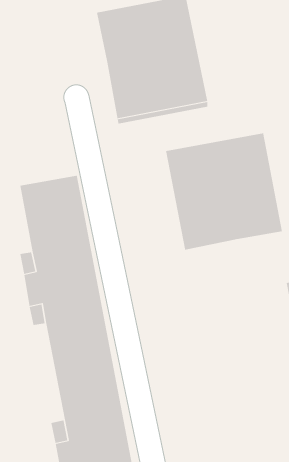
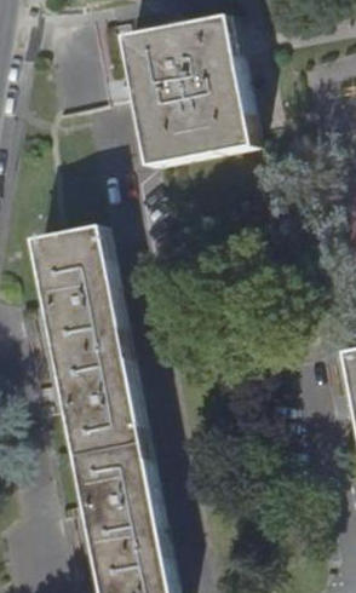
building: [165,132,283,251] -> none

